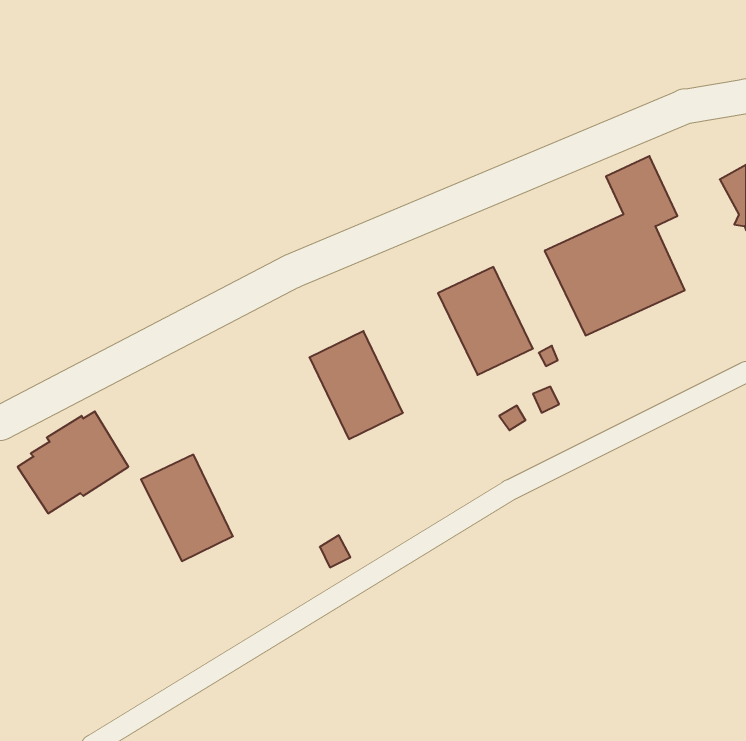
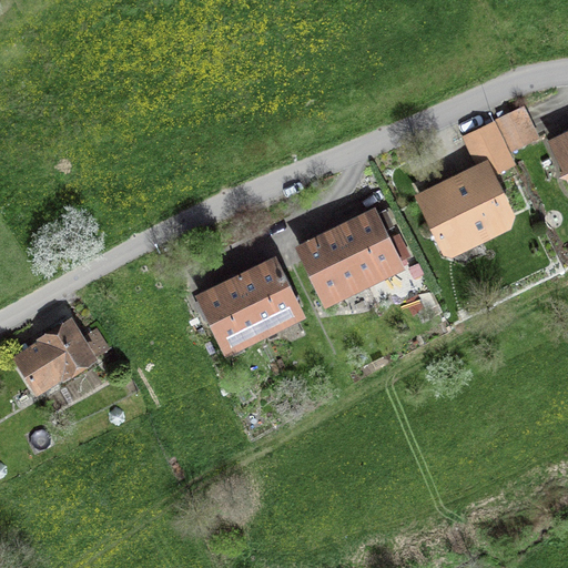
building: none -> [496,105,539,152]
building: none -> [294,226,363,307]
building: [141,455,233,561] -> [195,275,265,356]

